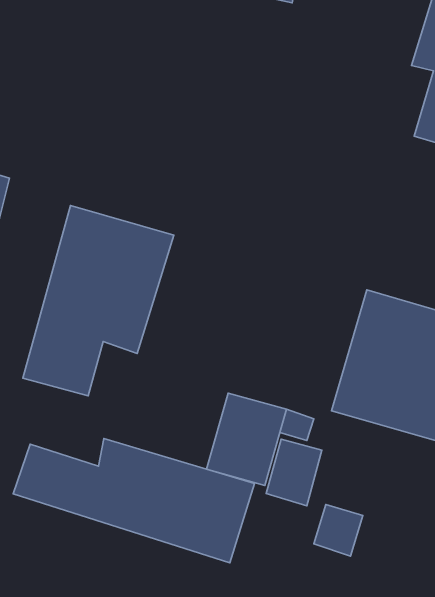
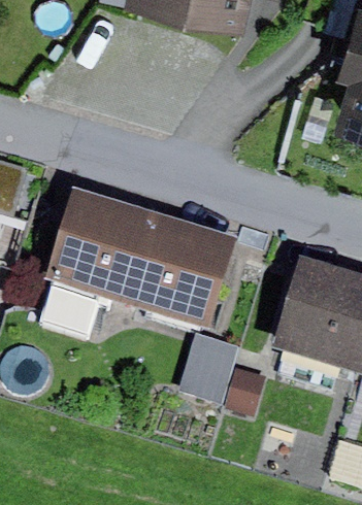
building: none -> [127,214,234,329]
building: [13,439,254,563] -> none

